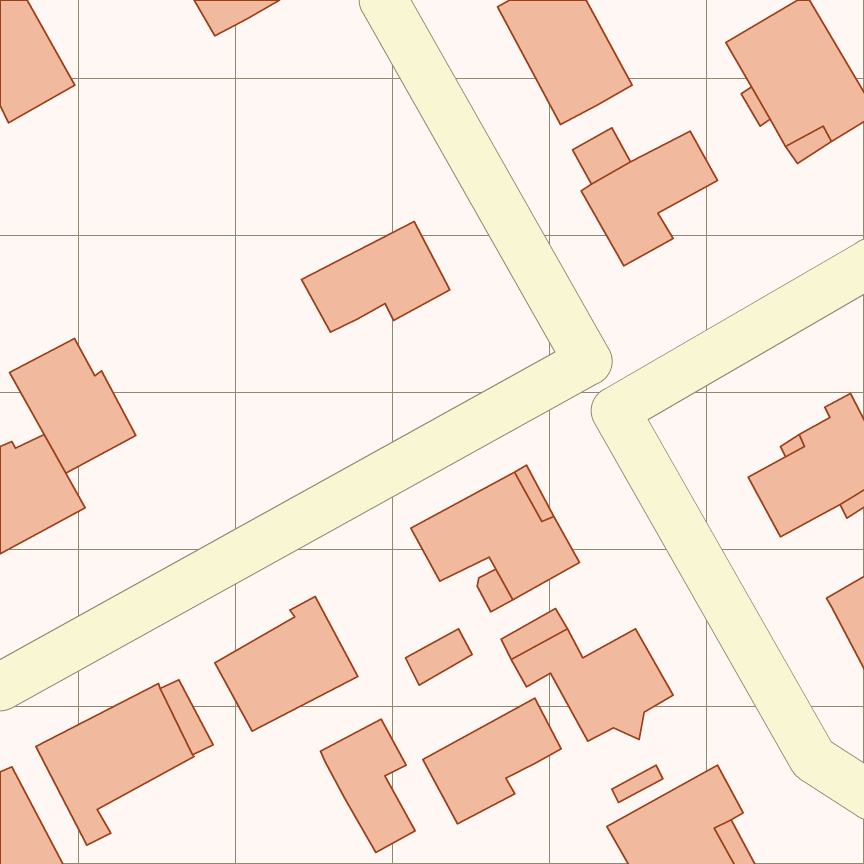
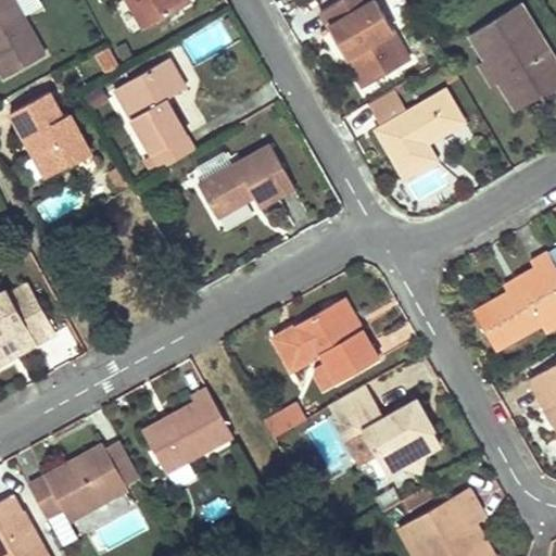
building: none -> [113,59,193,172]
building: [10,338,136,473] -> [16,94,97,180]
building: [423,698,561,824] -> none
building: [320,719,415,852] -> none

